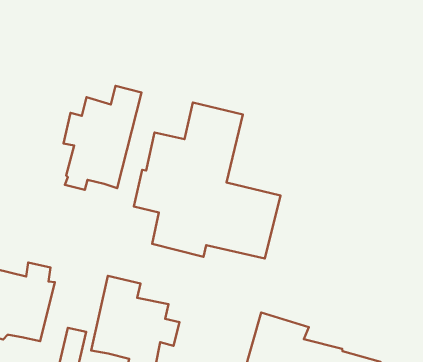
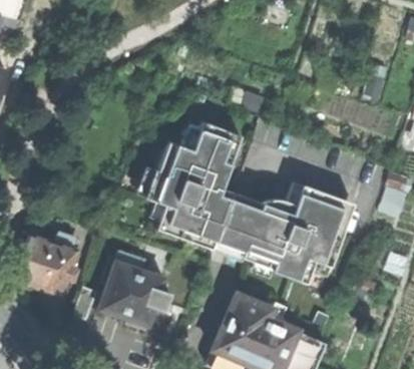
building: [63,86,141,190] -> none
building: none -> [242,183,353,282]

